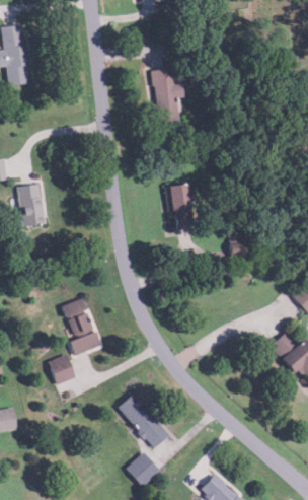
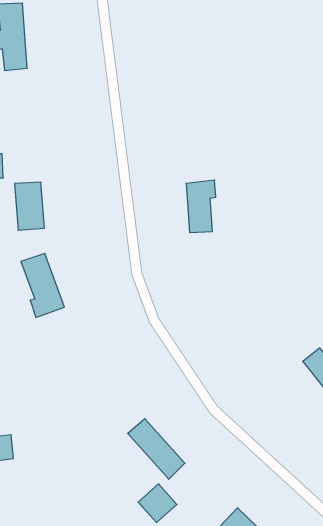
building: [151,68,183,124] -> none
building: [62,299,100,356] -> [21,253,64,317]
building: [49,356,75,385] -> none

